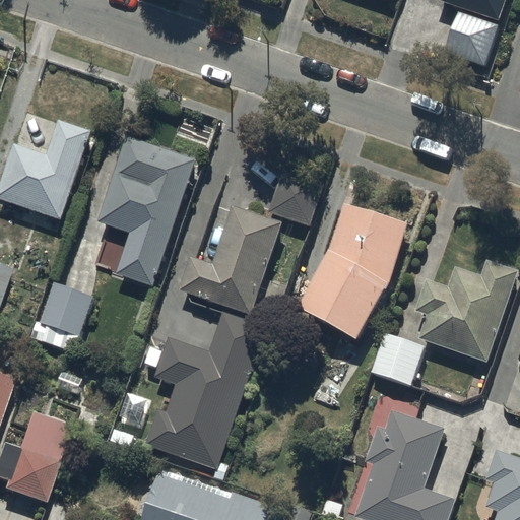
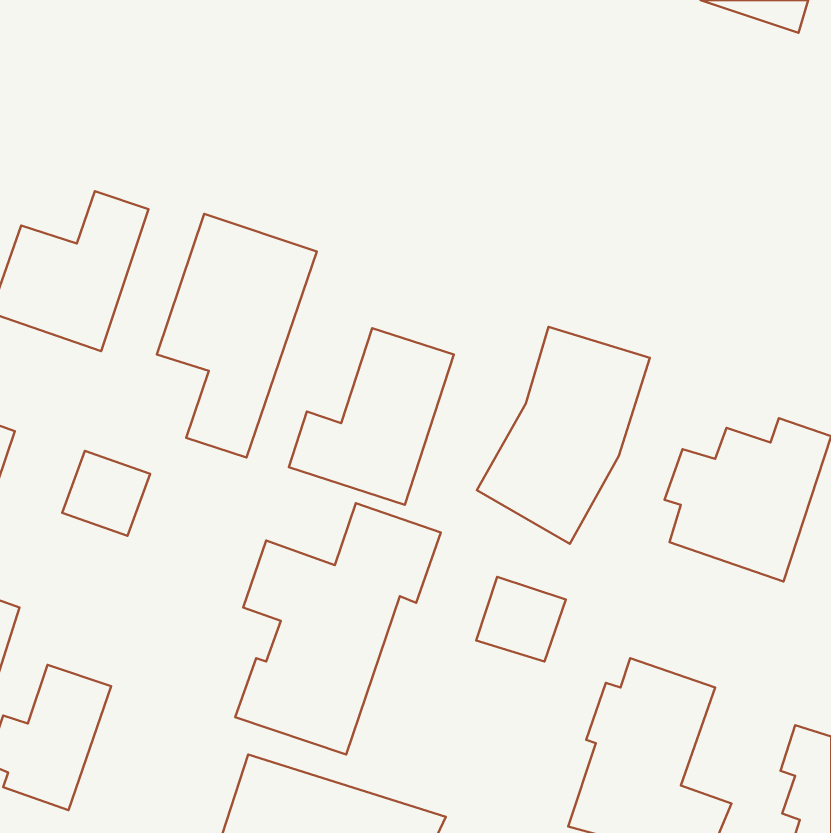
building: [442,13,496,68] -> none
building: [269,165,326,226] -> none
building: [370,334,426,387] -> [476,577,566,662]

